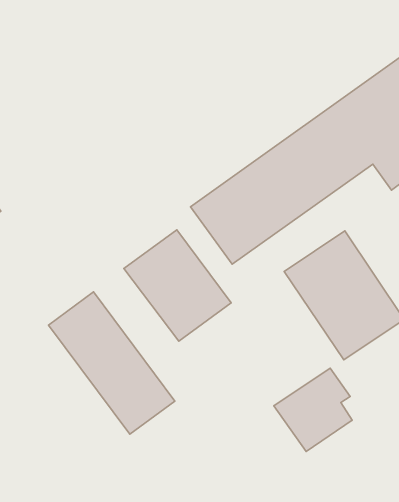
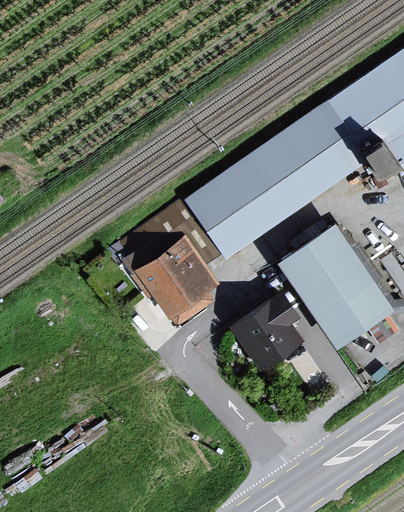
building: [49,292,175,434] -> none
building: [274,368,352,451] -> [229,292,304,372]

